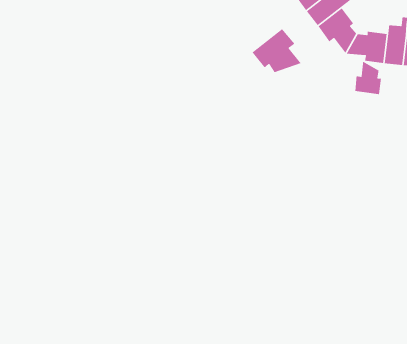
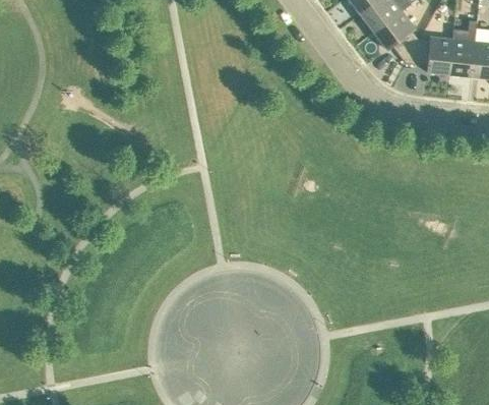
building: [241,28,302,73] -> none
building: [354,60,388,96] -> none

